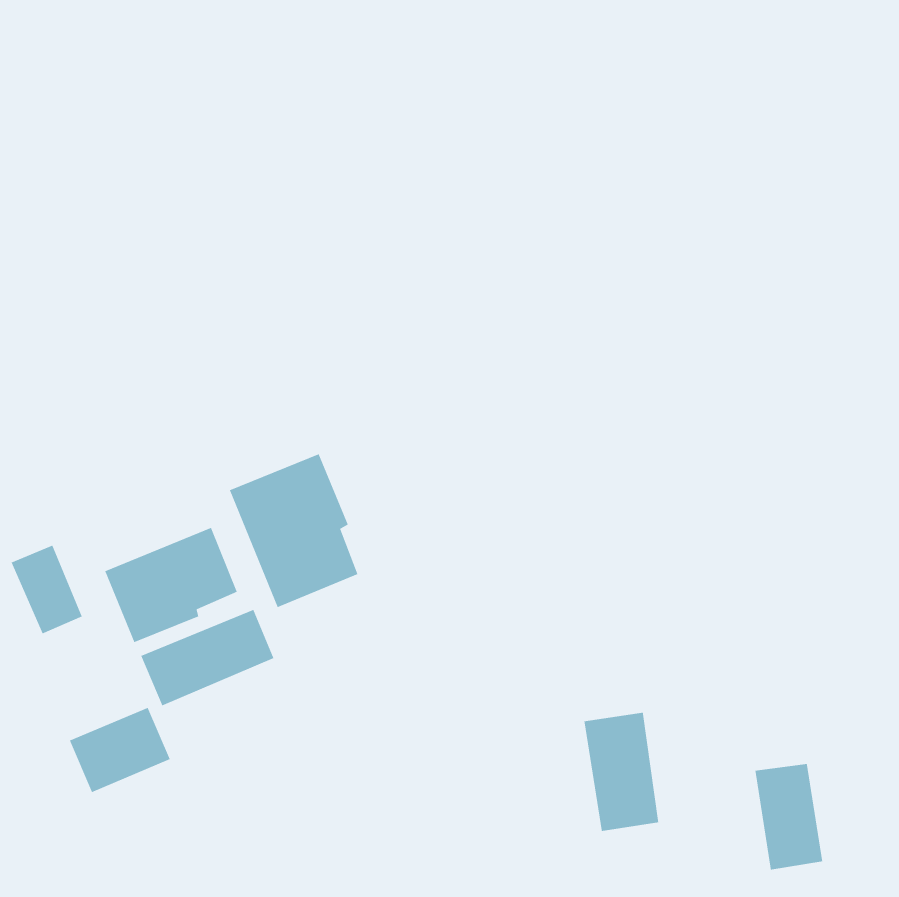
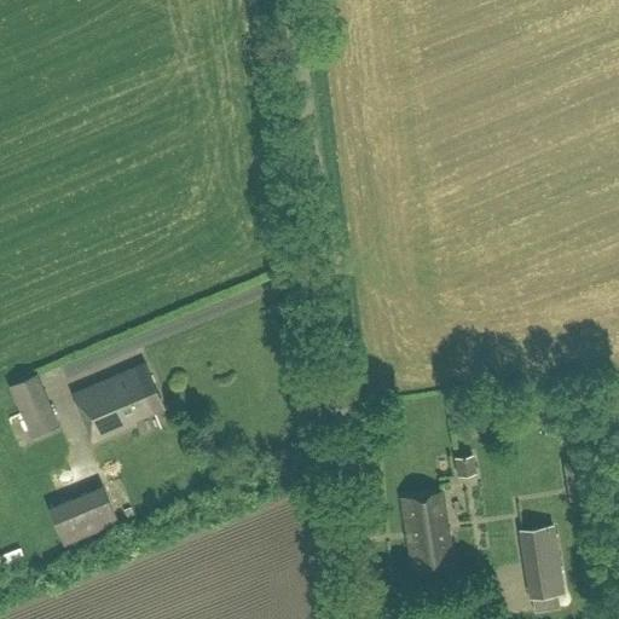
building: [229,453,358,608] -> none
building: [140,609,274,706] -> none

